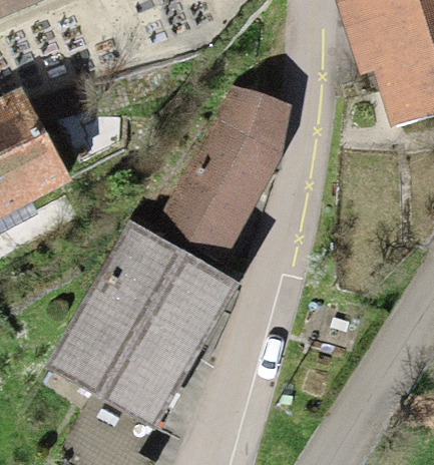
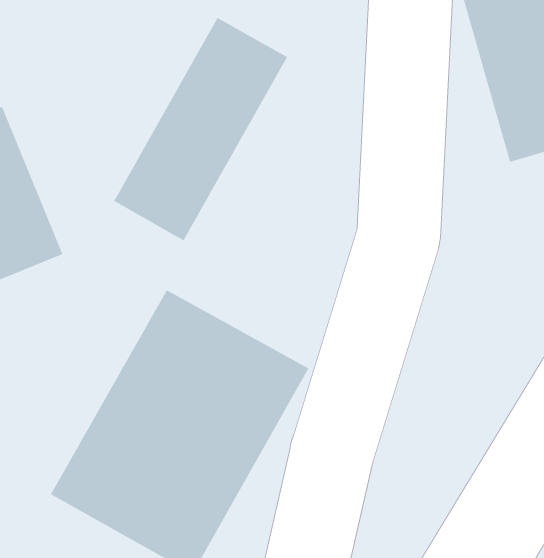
building: [163,87,290,250] -> [113,17,288,242]

